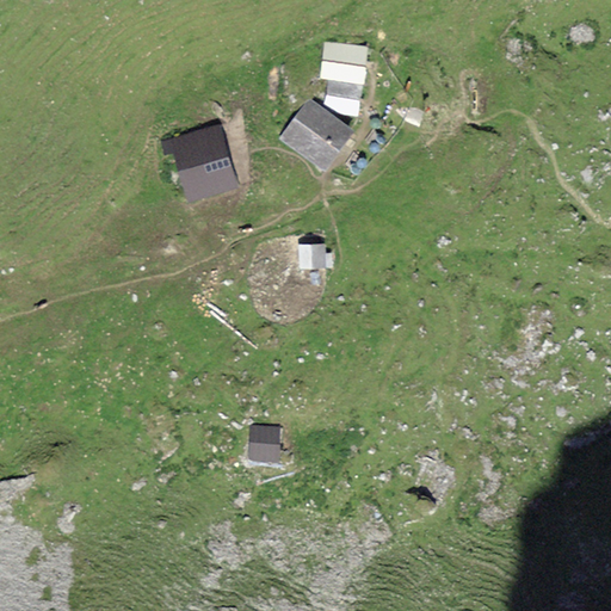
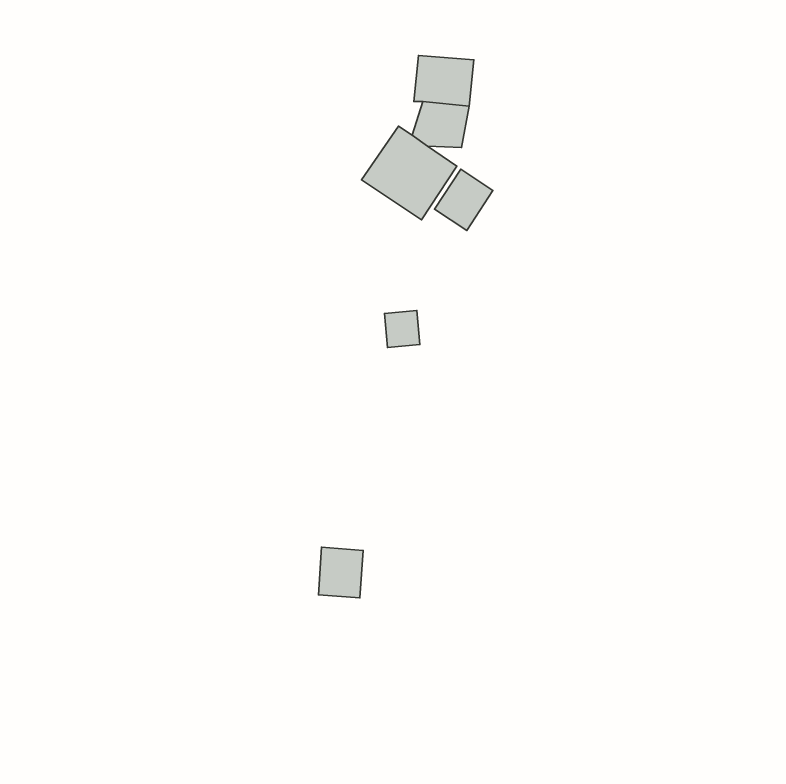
building: [169,125,239,200] -> none
building: none -> [435,169,493,231]

